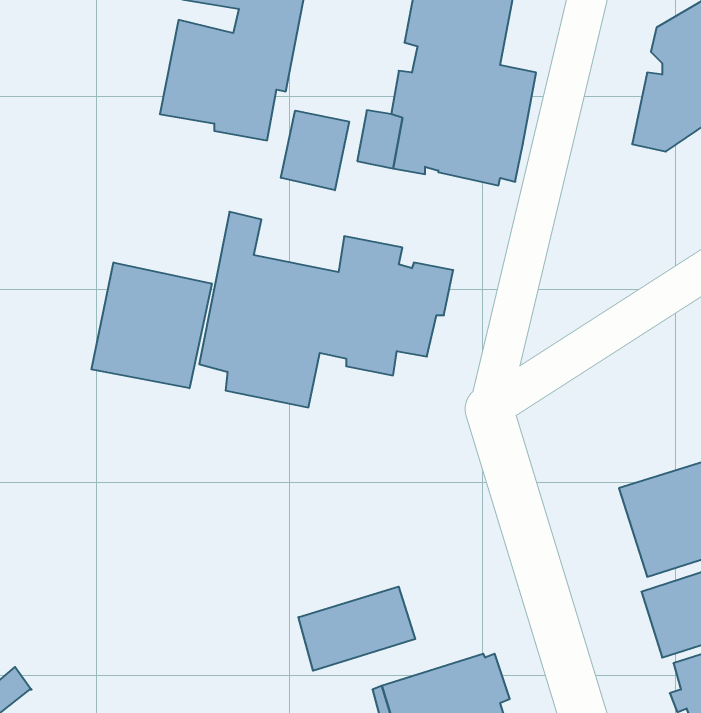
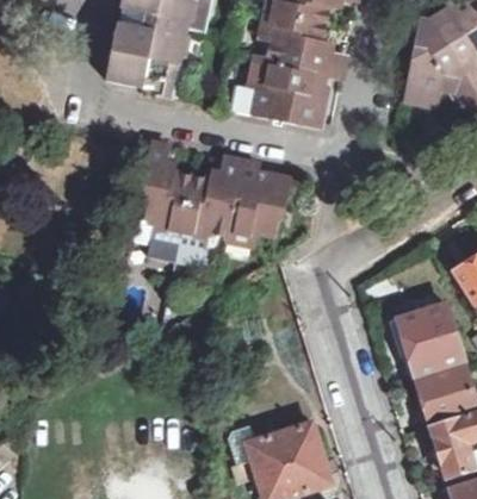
building: [281,111,349,190] -> none
building: [91,262,212,388] -> none
building: [298,587,415,671] -> none

